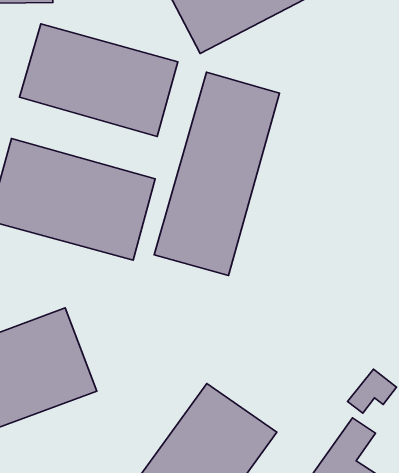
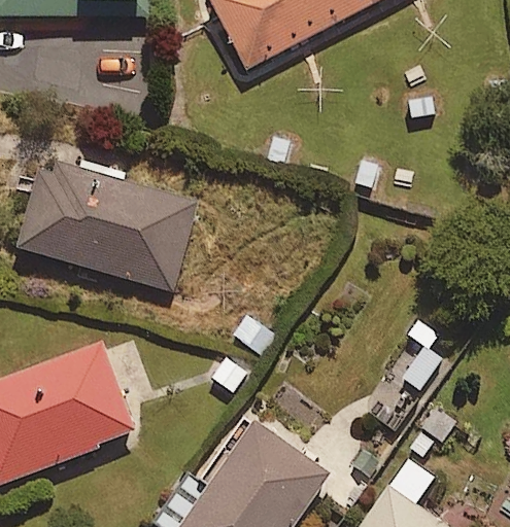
building: [20,24,178,136] -> none
building: [154,72,279,276] -> none

